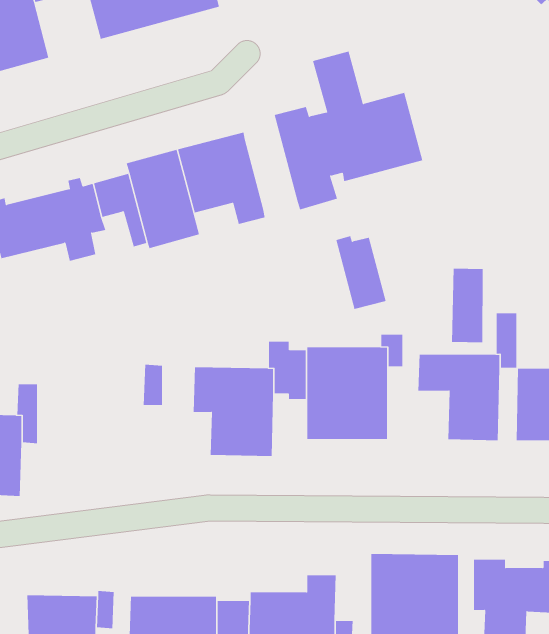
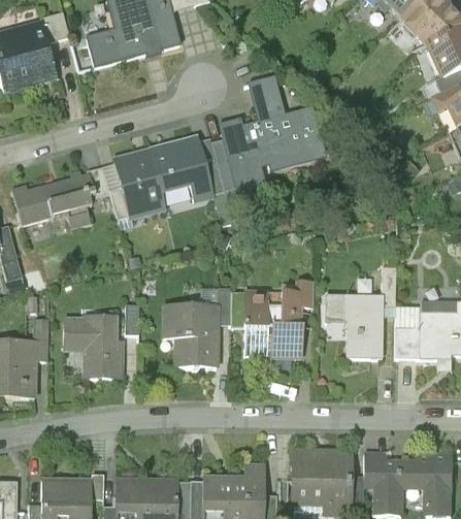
building: [335,236,387,310] -> [198,138,235,192]
building: [452,268,483,343] -> none
building: none -> [62,317,123,381]

